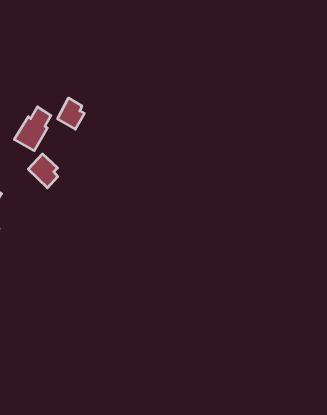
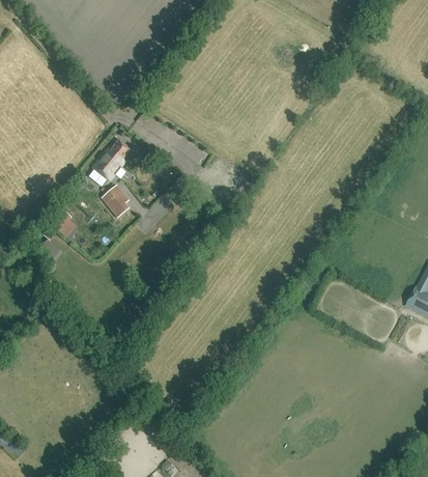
building: [58,98,84,129] -> none

